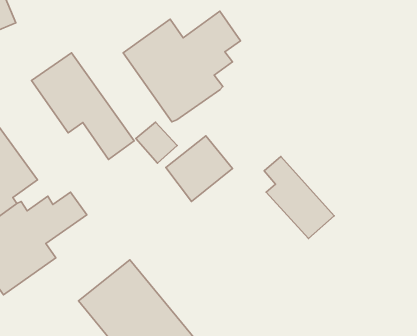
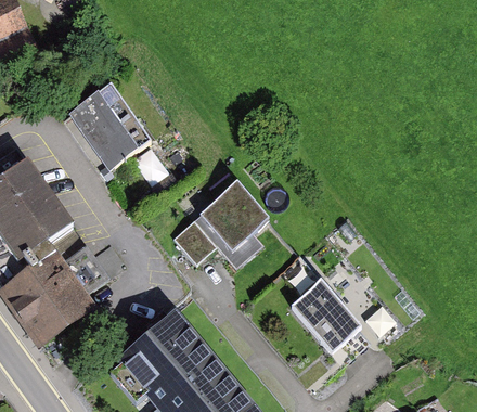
building: [123,11,241,122] -> none
building: [136,122,177,163] -> [177,219,220,262]
building: [264,156,334,238] -> [296,261,370,348]

